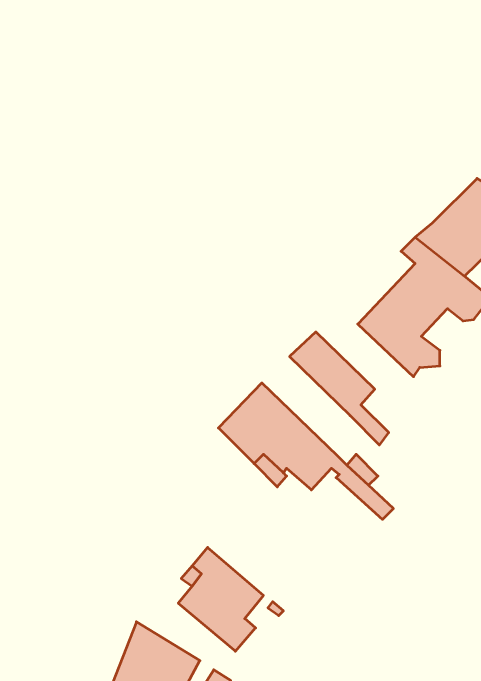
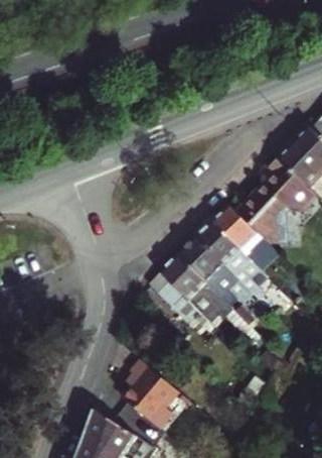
building: none -> [212,204,287,276]
building: none -> [177,236,234,301]

